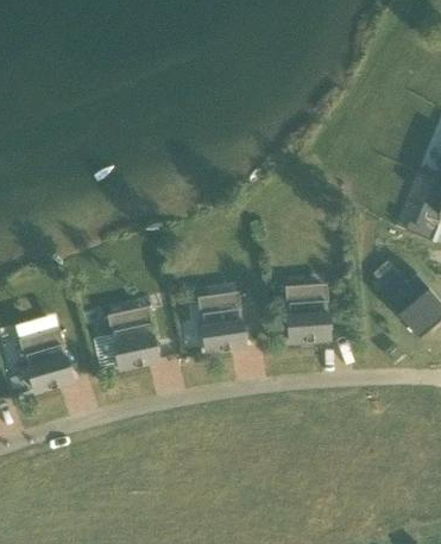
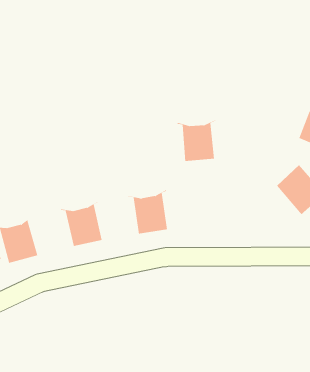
building: [275,278,328,334] -> [176,119,217,162]

